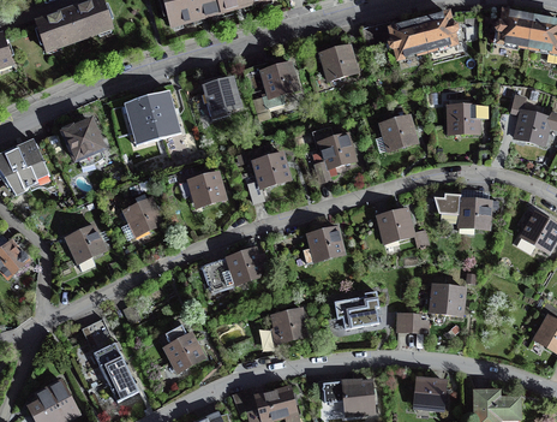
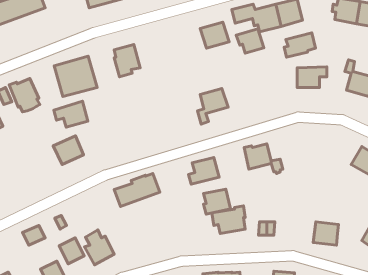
building: none -> [284,33,316,57]
building: [260,61,298,96] -> none
building: [379,115,417,148] -> [236,29,264,53]
building: [247,151,288,201] -> none
building: [179,171,224,206] -> [54,101,88,127]
building: [432,192,490,227] -> none
building: [66,225,104,269] -> none
building: [430,284,463,315] -> [313,222,338,245]
building: [271,308,307,341] -> [203,189,230,214]
building: [92,341,126,376] -> [59,238,84,264]

